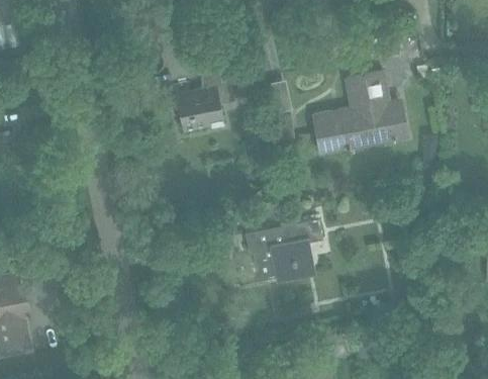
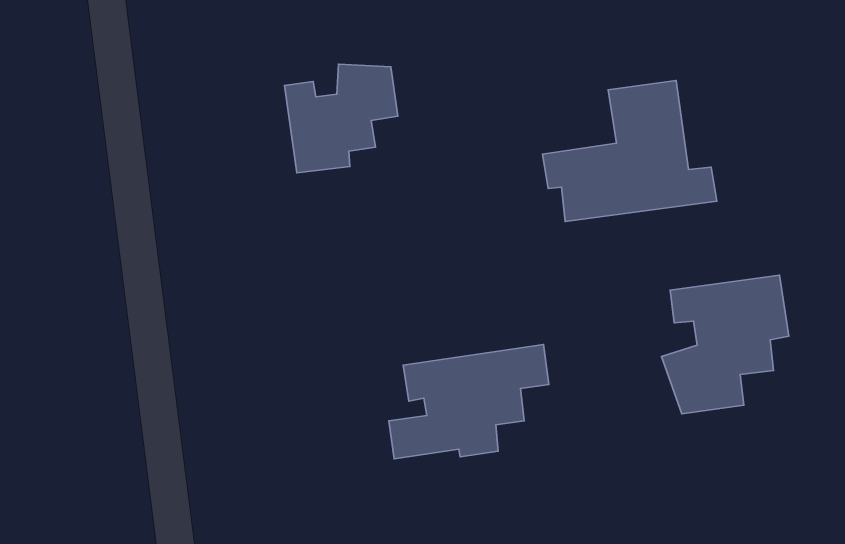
building: none -> [662,275,789,414]

